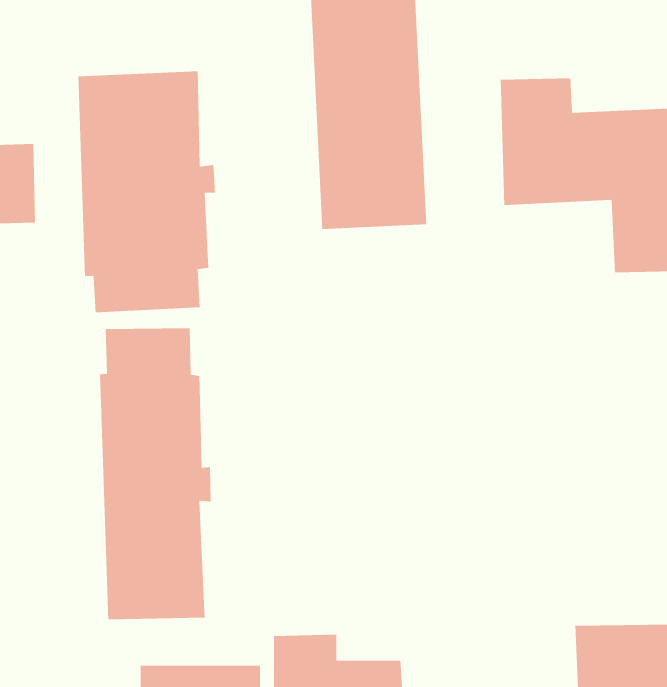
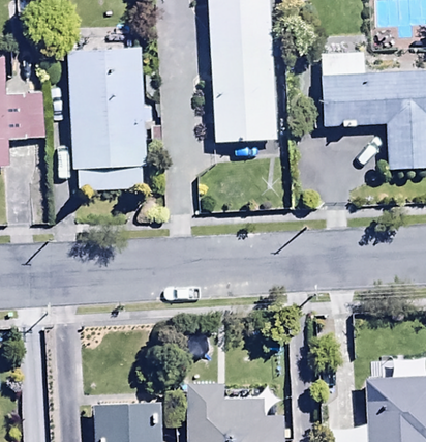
building: [99,327,212,620] -> none

